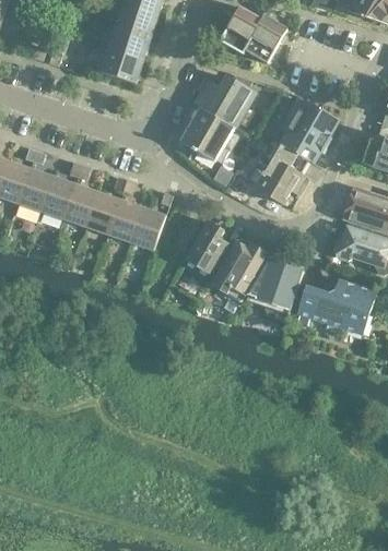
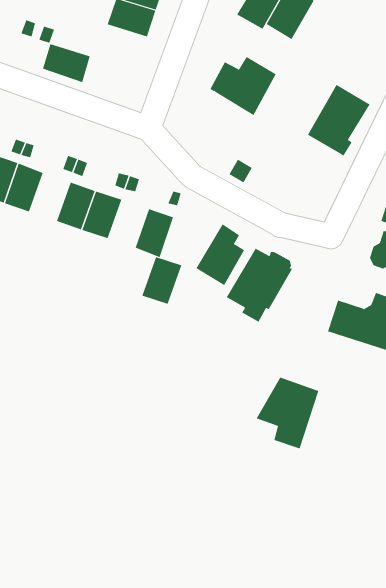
building: [101,48,142,82] -> [42,44,90,83]
building: [184,106,234,159] -> none
building: [246,137,309,207] -> none
building: [40,176,75,217] -> none
building: [108,199,143,240] -> [141,256,182,305]
building: [247,257,302,320] -> [256,377,319,449]

